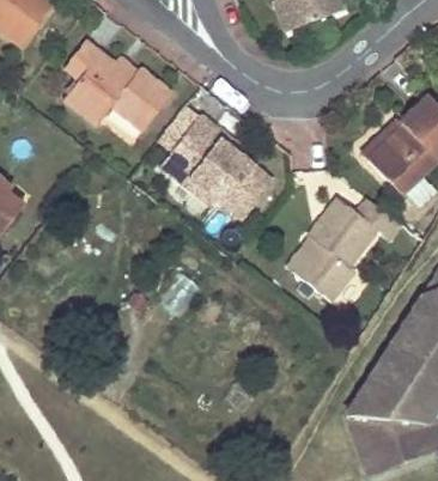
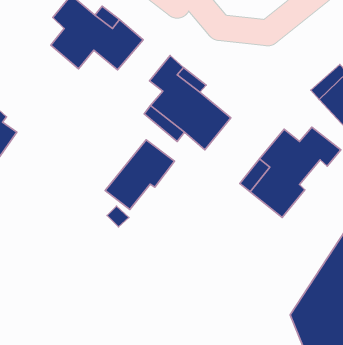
building: none -> [105,140,174,210]

